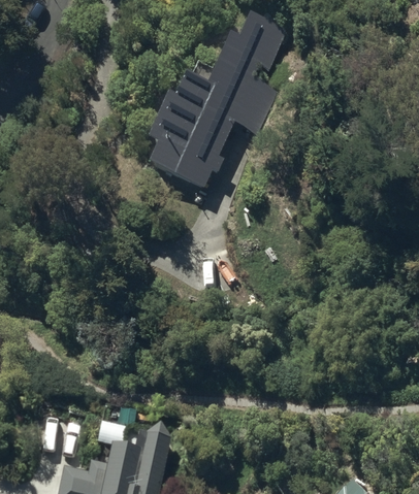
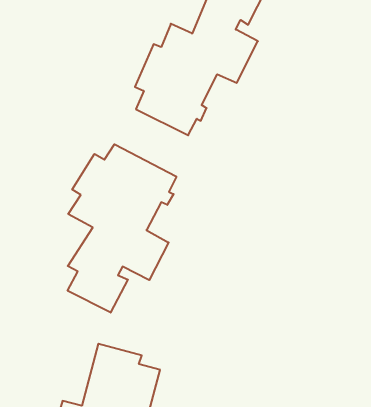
building: none -> [68,144,176,313]

